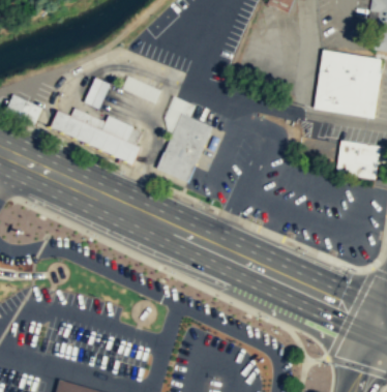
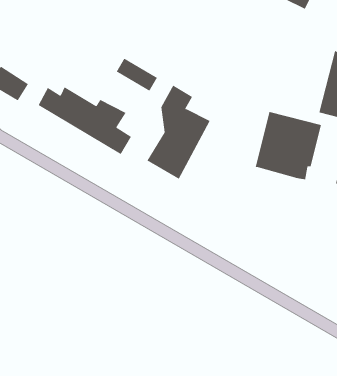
building: [84,78,109,109] -> none
building: none -> [255,111,321,180]

